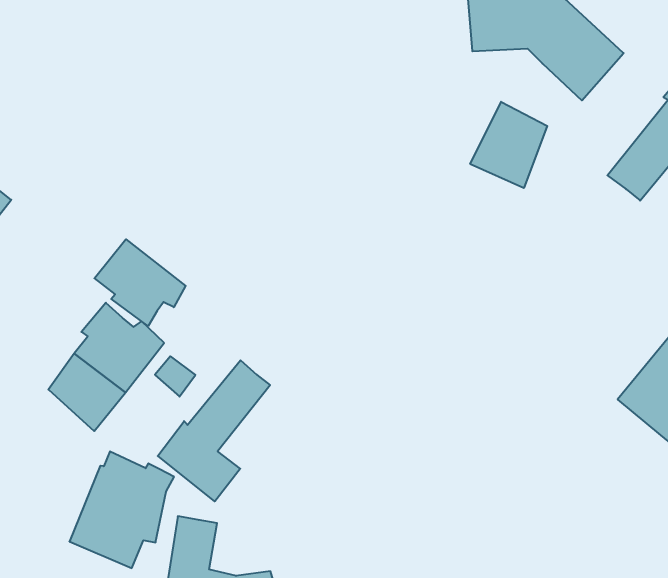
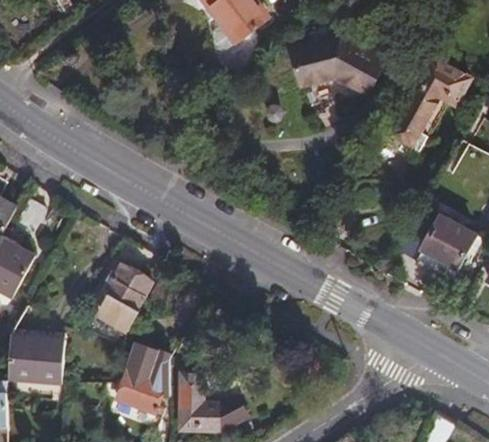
building: [470,102,547,188] -> none
building: [94,239,186,326] -> none
building: [158,360,270,501] -> none

